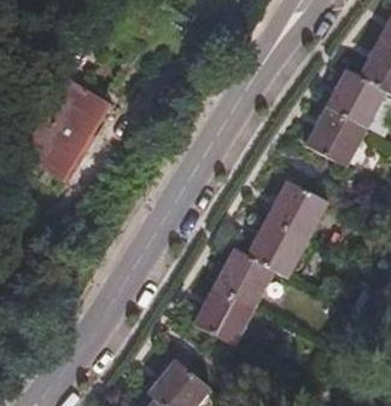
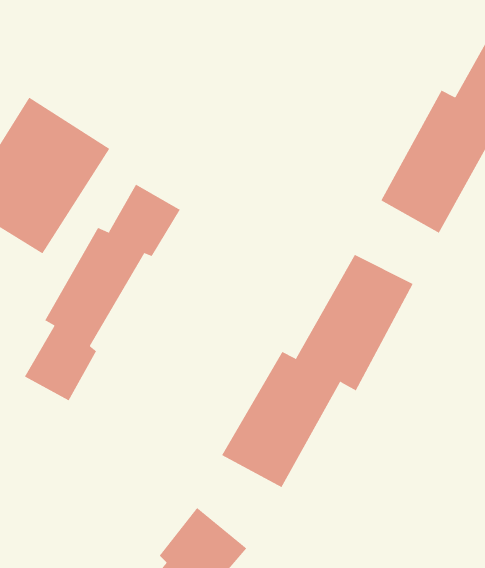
building: none -> [24,184,181,401]

